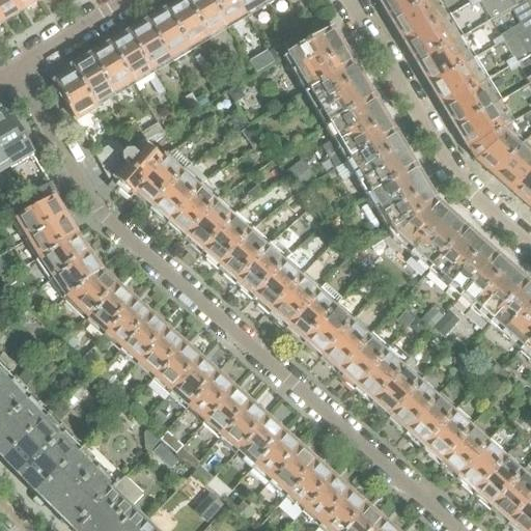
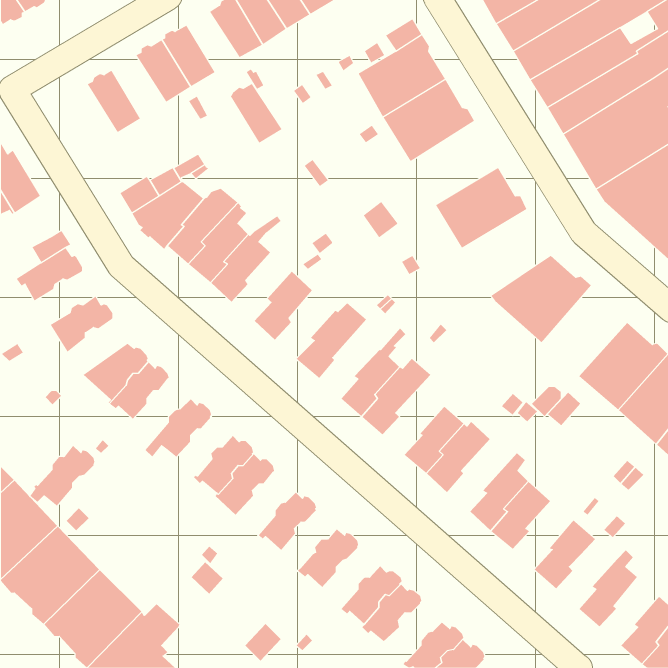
building: [150,9,192,57] -> [230,83,283,144]
building: [91,44,134,93] -> none
building: [58,66,96,119] -> none
building: [327,95,396,162] -> none
building: [367,165,438,233] -> none
building: [186,199,233,253] -> none
building: [28,215,80,256] -> none
building: [430,225,498,297] -> none
building: [220,229,268,283] -> none
building: [54,252,105,296] -> none
building: [255,252,303,314] -> none
building: [305,296,357,359] -> none
building: [102,299,153,347] -> [30,445,95,506]
building: [138,329,188,375] -> none
building: [356,342,411,403] -> none
building: [189,372,236,422] -> none
building: [408,395,455,449] -> none
building: [225,402,270,448] -> none
building: [442,425,490,480] -> none
building: [251,431,303,484] -> none
building: [476,449,523,509] -> none
building: [304,476,353,522] -> none

